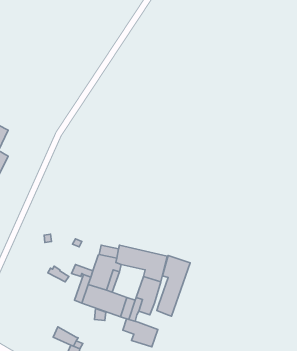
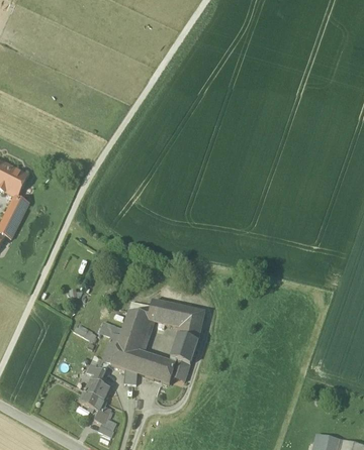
building: [157,255,190,316] -> none
building: none -> [84,361,111,401]
building: [123,319,158,347] -> none

